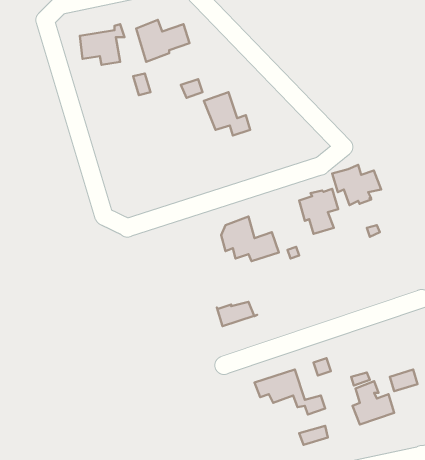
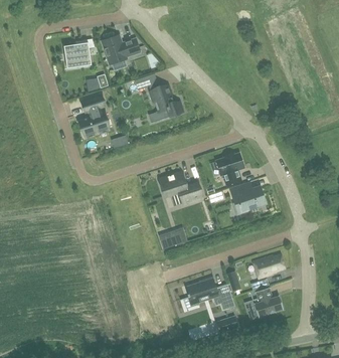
building: none -> [79,95,109,136]
building: [332,165,381,205] -> [230,182,265,210]
building: none -> [252,253,285,278]

